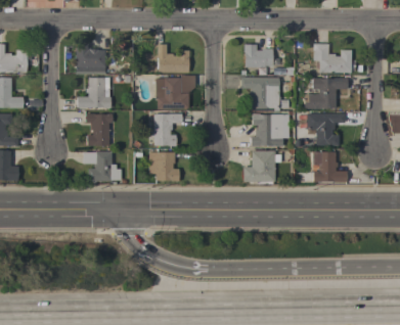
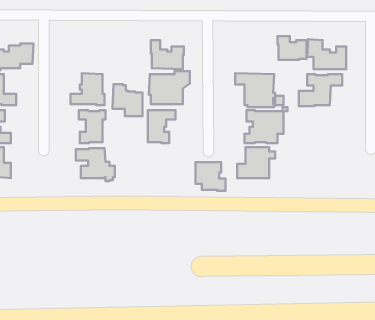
building: [76,42,105,74] -> [113,84,142,116]
building: [245,44,273,67] -> [278,36,306,60]
building: [307,113,345,144] -> none
building: [313,151,347,182] -> none
building: [149,152,179,181] -> [196,162,225,191]

